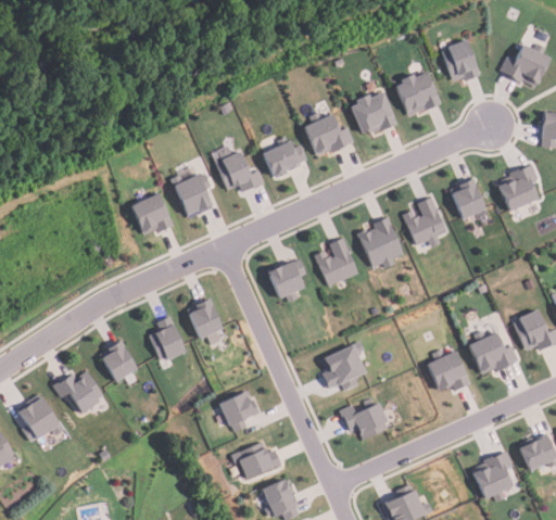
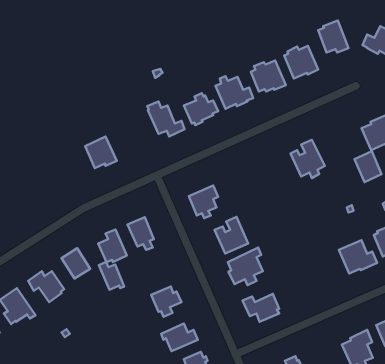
building: [170,165,213,217] -> none
building: [451,178,486,219] -> [355,151,381,182]
building: [357,217,403,268] -> none
building: [314,237,358,286] -> [215,217,248,253]
building: [427,348,471,391] -> none
building: none -> [99,262,124,290]

